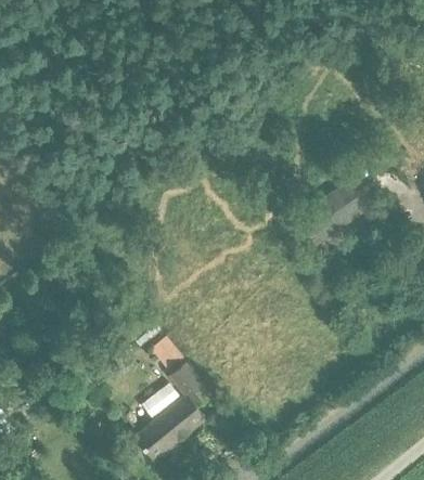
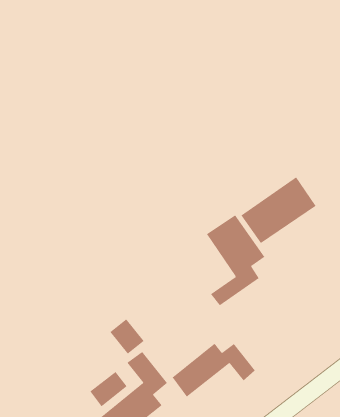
building: none -> [206,215,265,306]
building: none -> [172,343,256,397]

